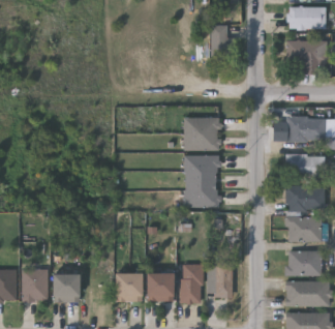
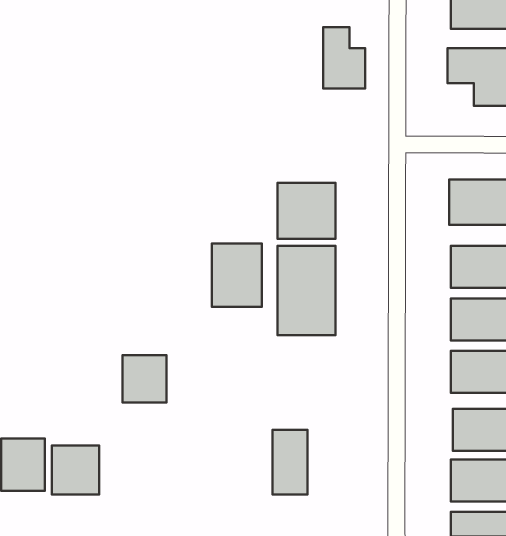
building: none -> [212,244,262,307]
building: [215,263,233,298] -> none
building: [115,272,141,300] -> [123,355,166,403]
building: [146,272,173,300] -> none

